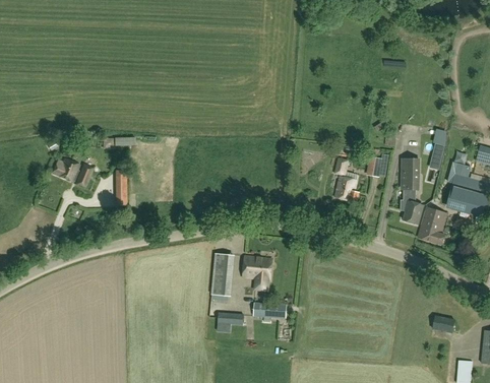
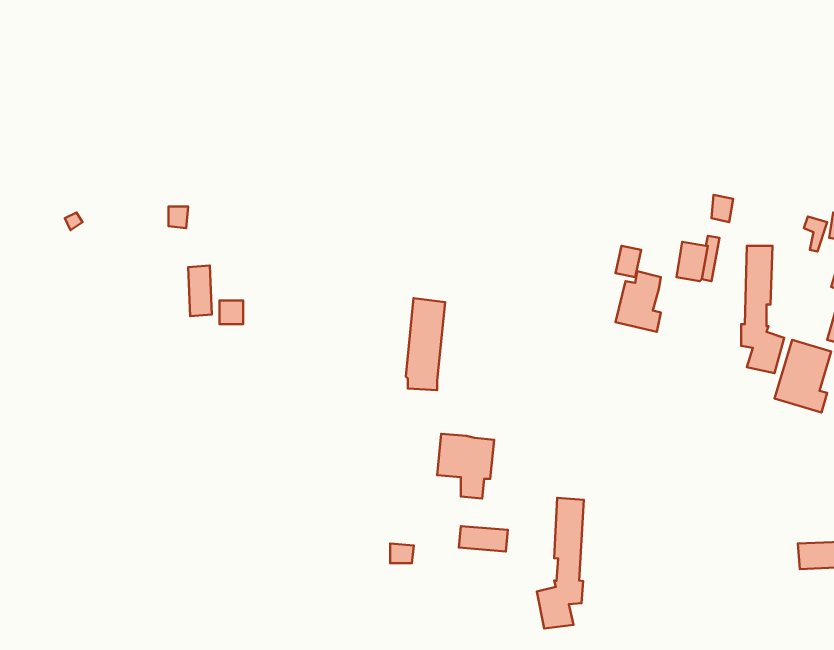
building: [52,159,90,187] -> none
building: [210,253,231,301] -> [406,298,445,390]
building: none -> [537,498,584,628]

